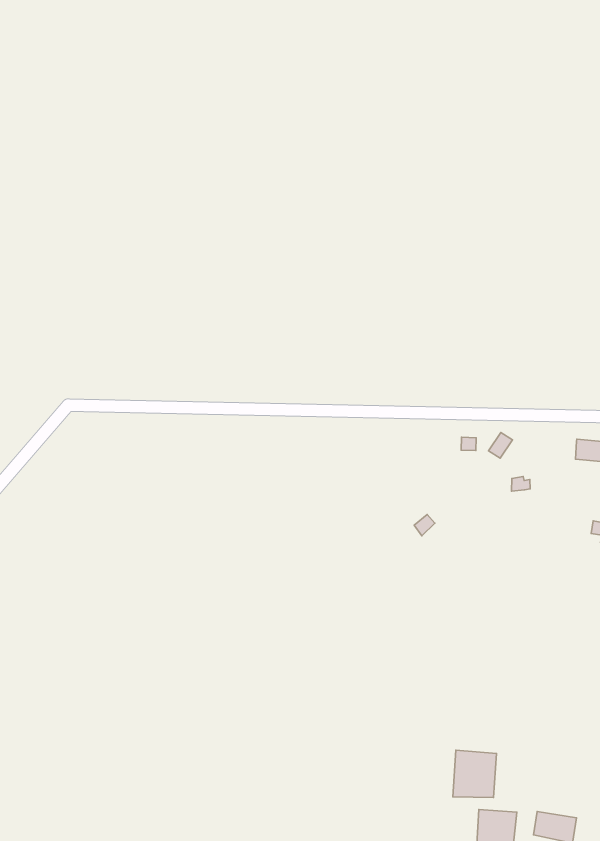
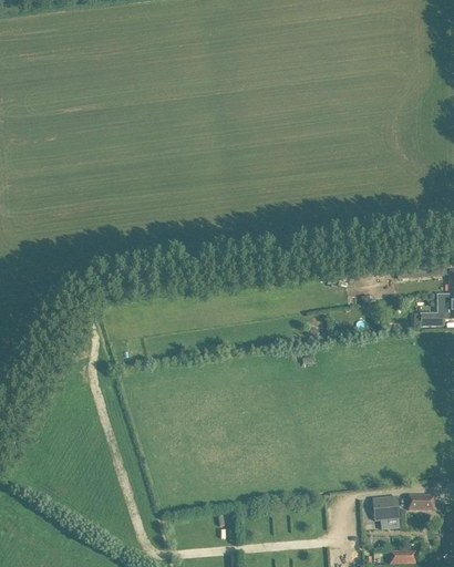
building: [453,750,496,798] -> none

